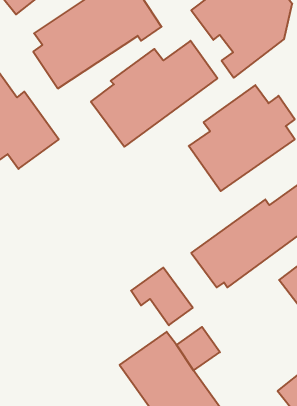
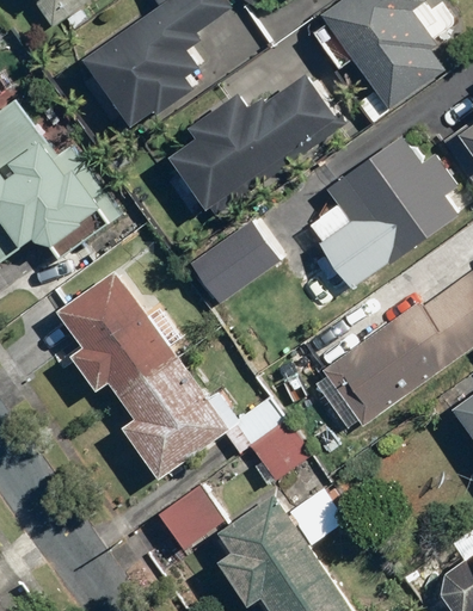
building: none -> [191,223,277,297]
building: none -> [57,267,238,479]
building: none -> [156,485,221,548]

